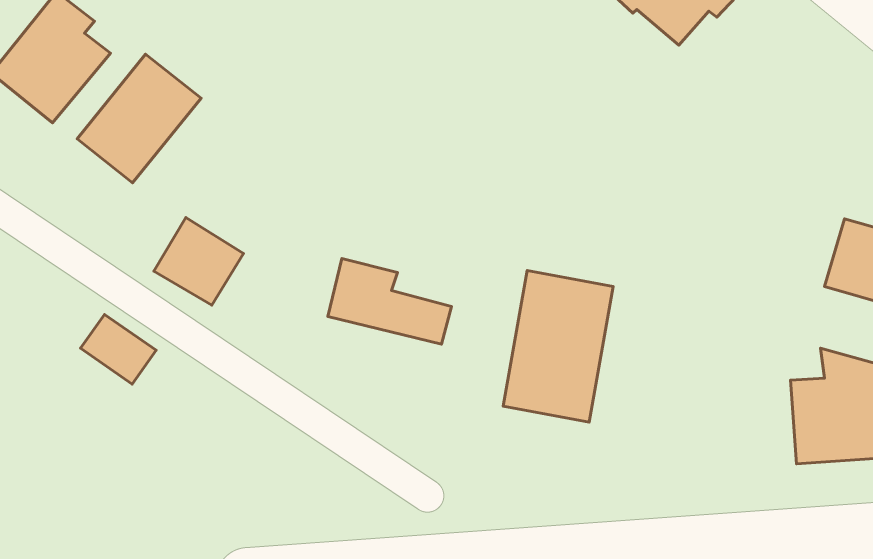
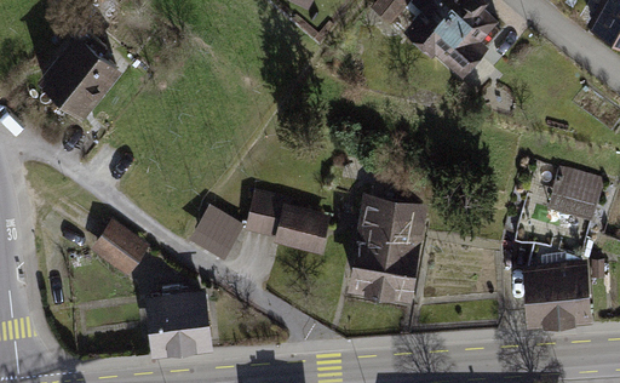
building: [77,54,201,183] -> none
building: [154,217,244,305] -> [190,206,245,259]
building: none -> [151,288,207,350]

